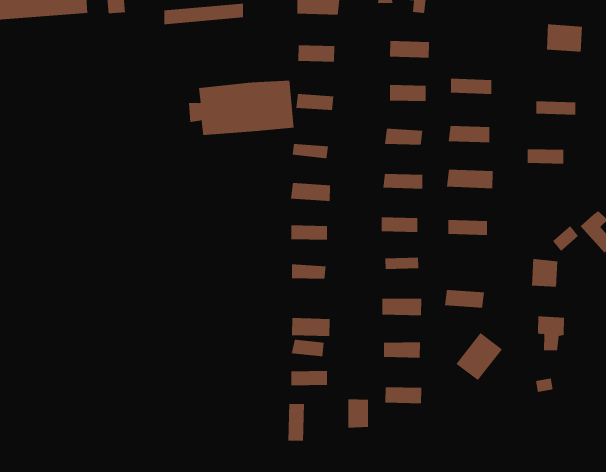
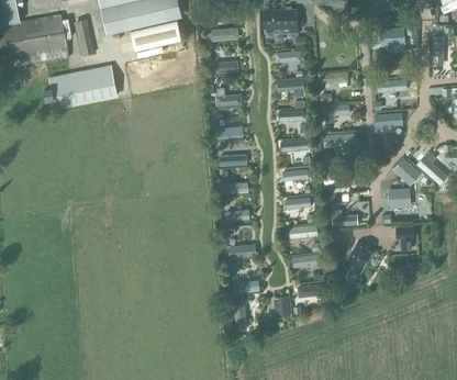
building: [188,80,294,135] -> [44,65,118,109]

